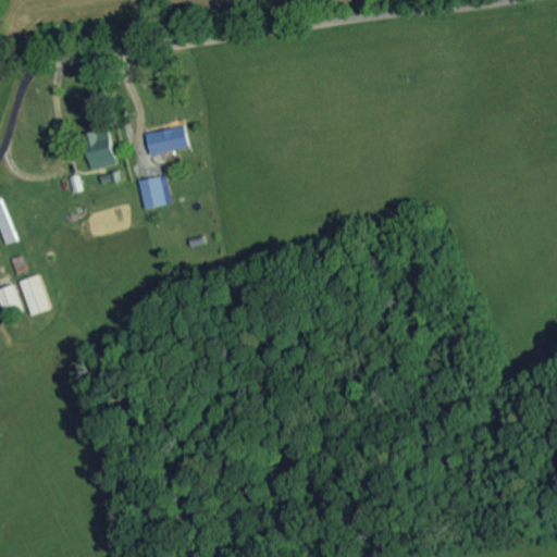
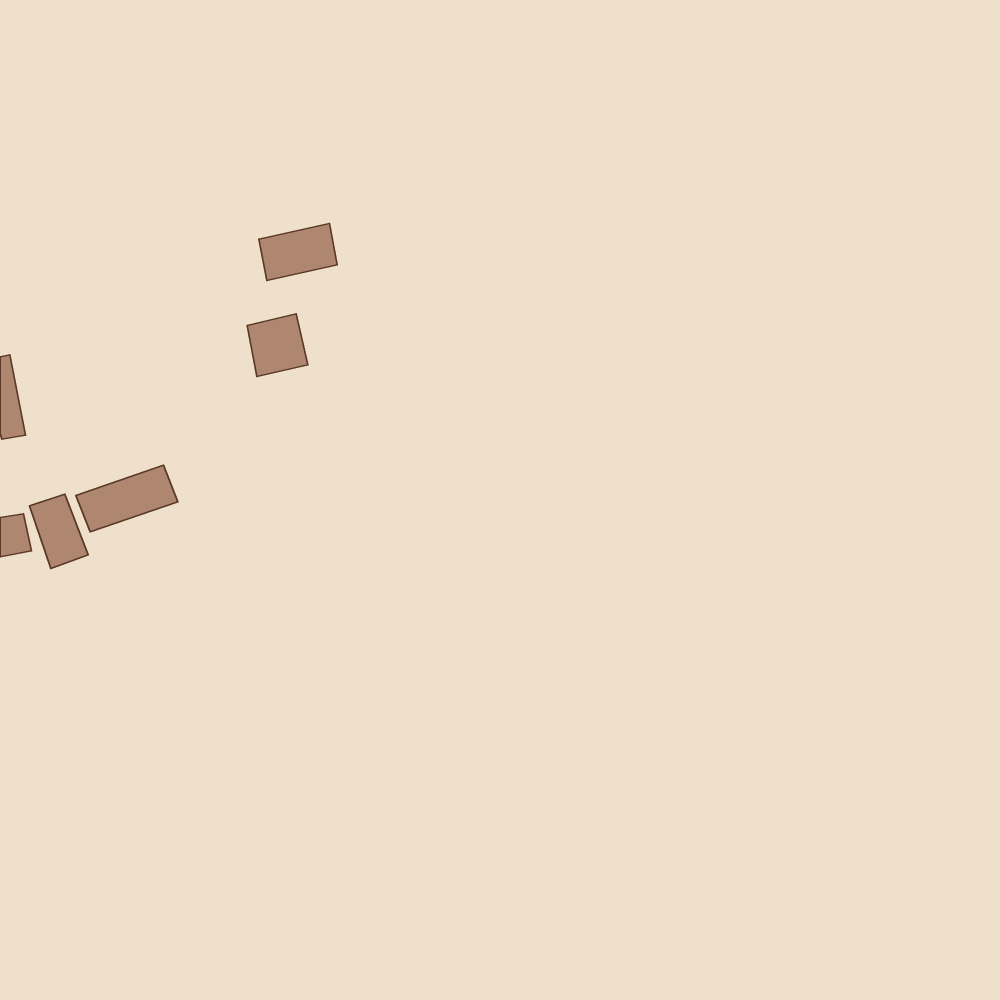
building: [84,131,114,170] -> none
building: none -> [76,465,178,532]

